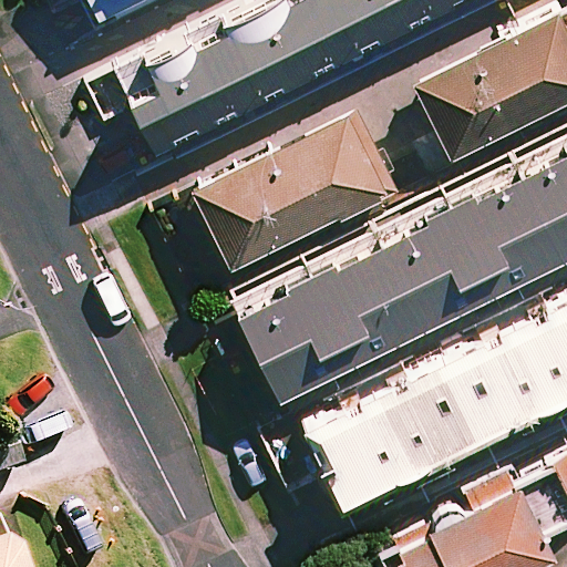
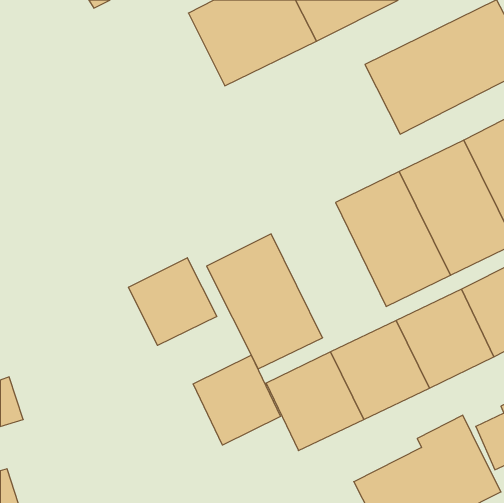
building: [120,28,259,157] -> none
building: [192,114,388,272] -> none
building: [310,236,436,384] -> none
building: none -> [129,258,217,345]
building: none -> [193,355,280,445]

